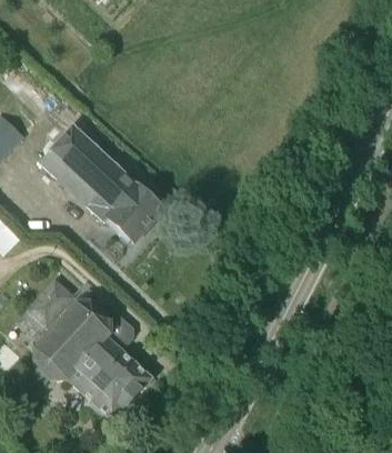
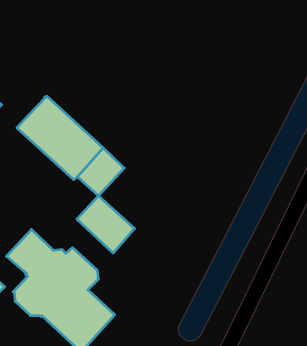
building: none -> [77,196,135,253]

